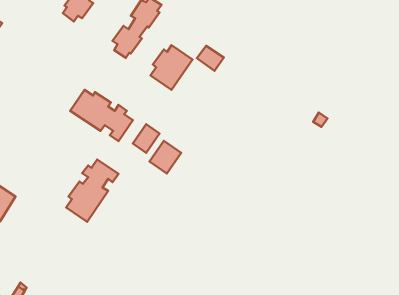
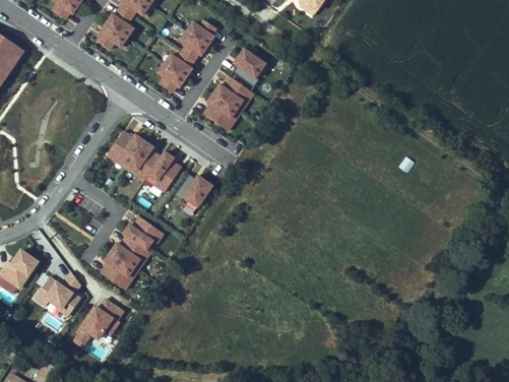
building: [197,46,224,71] -> [233,48,265,78]
building: [150,141,181,174] -> none
building: none -> [34,276,80,316]
building: none -> [73,298,123,348]

